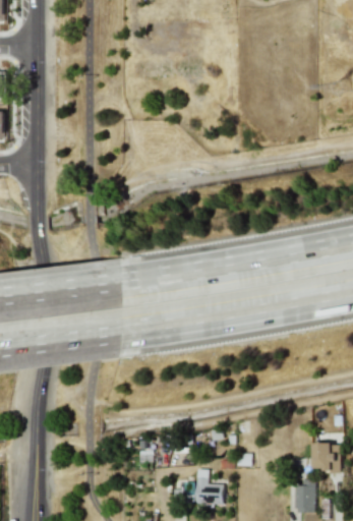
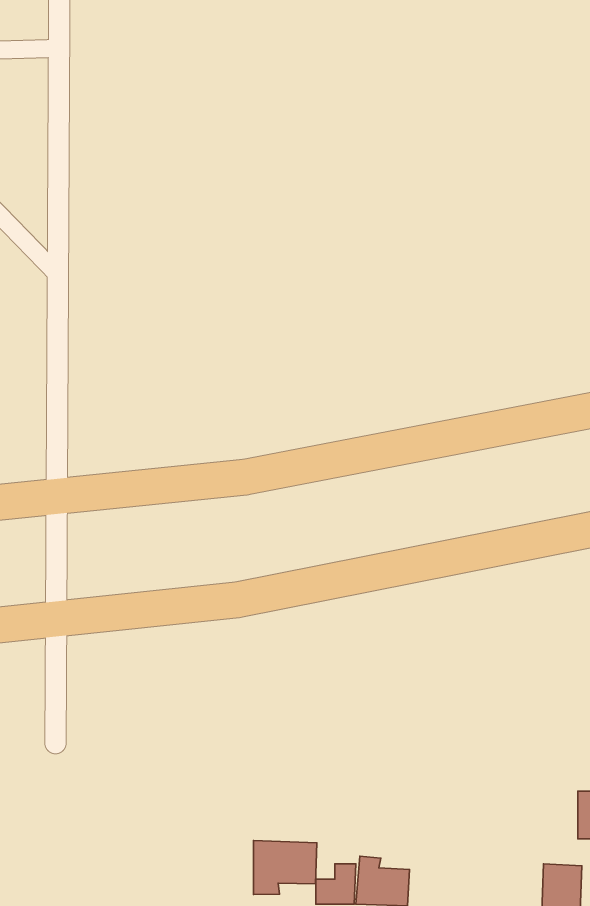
building: none -> [254,840,317,894]

